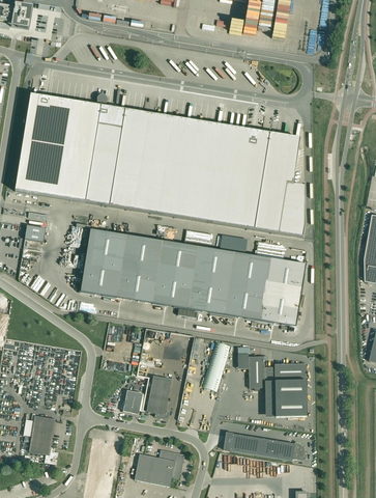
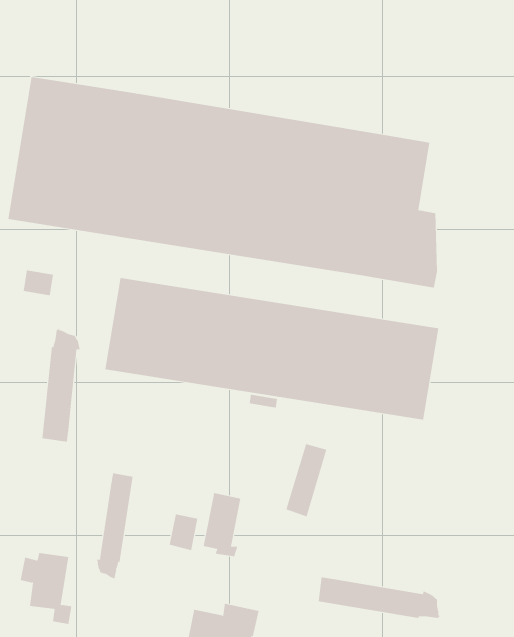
building: none -> [42,328,82,443]
building: [249,355,307,415] -> none
building: none -> [96,472,133,580]

